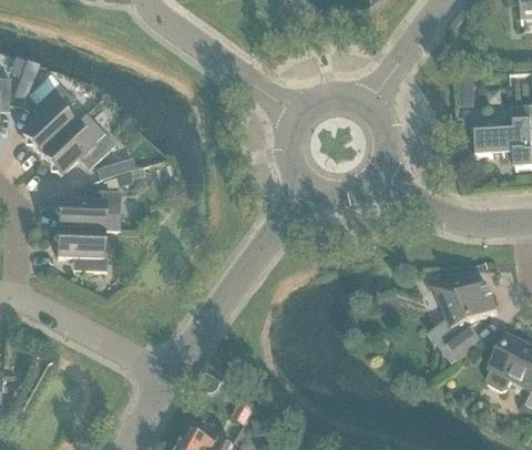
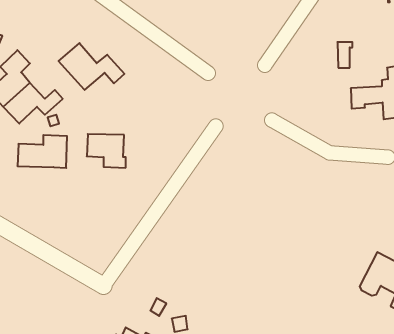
building: none -> [59,43,124,90]
building: [57,226,105,268] -> [87,134,126,168]
building: [427,270,497,361] -> none

